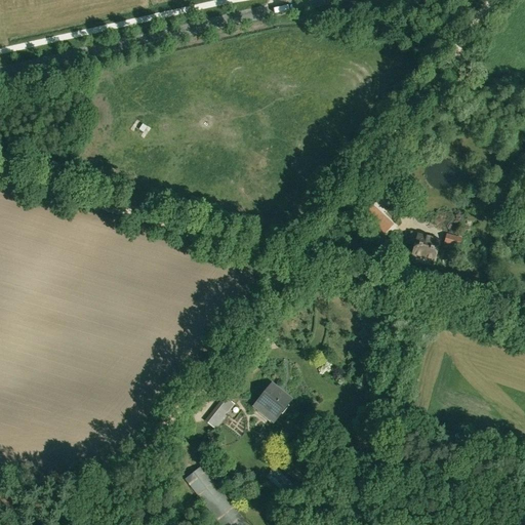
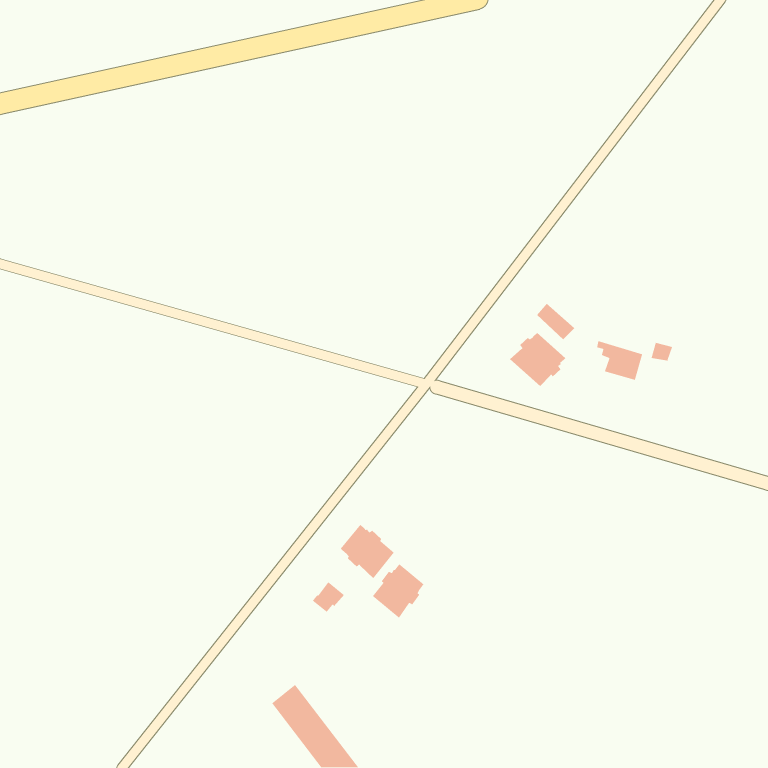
building: none -> [509,332,566,387]
building: none -> [340,524,395,579]

